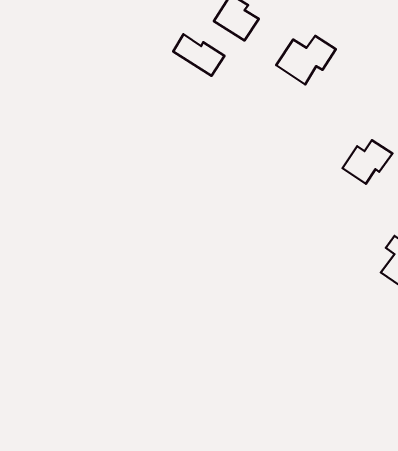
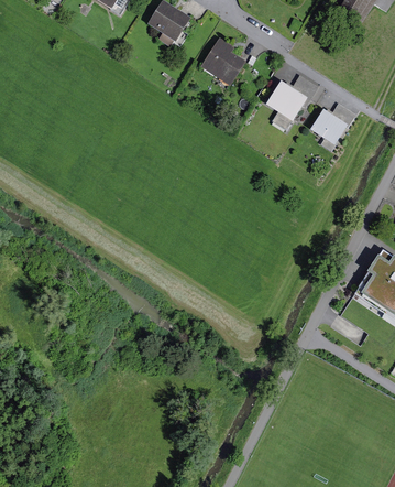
building: [173,34,225,76] -> none
building: [343,140,393,184] -> [308,105,353,144]

